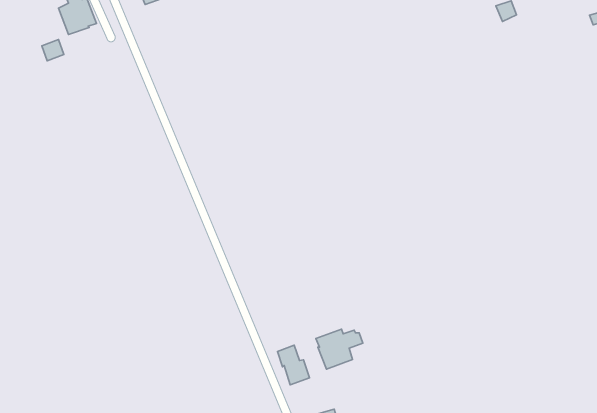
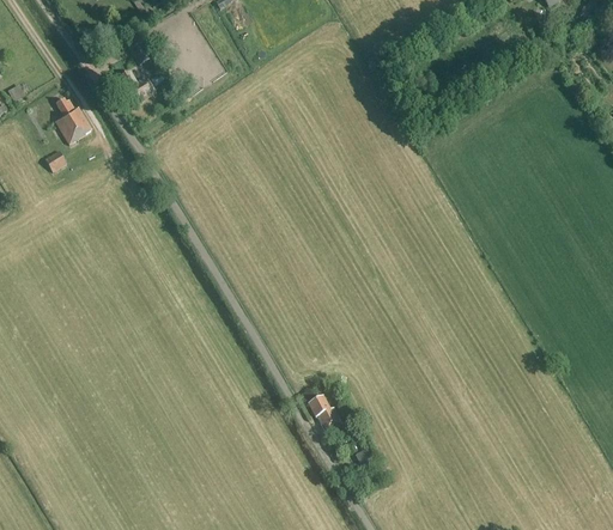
building: [316,329,363,369] -> none

